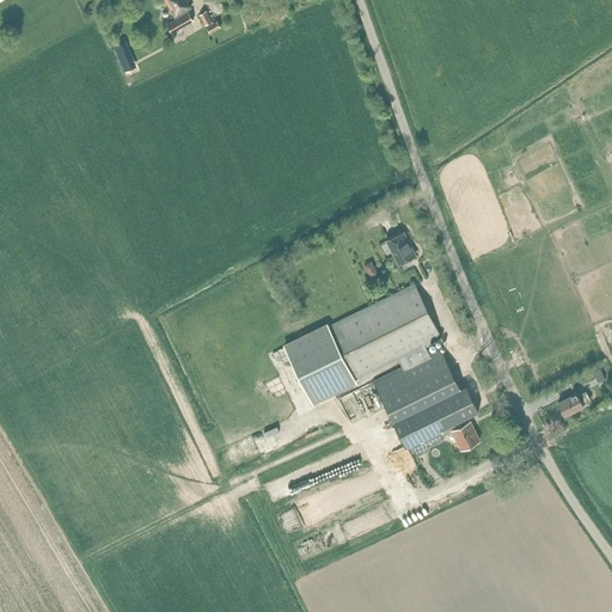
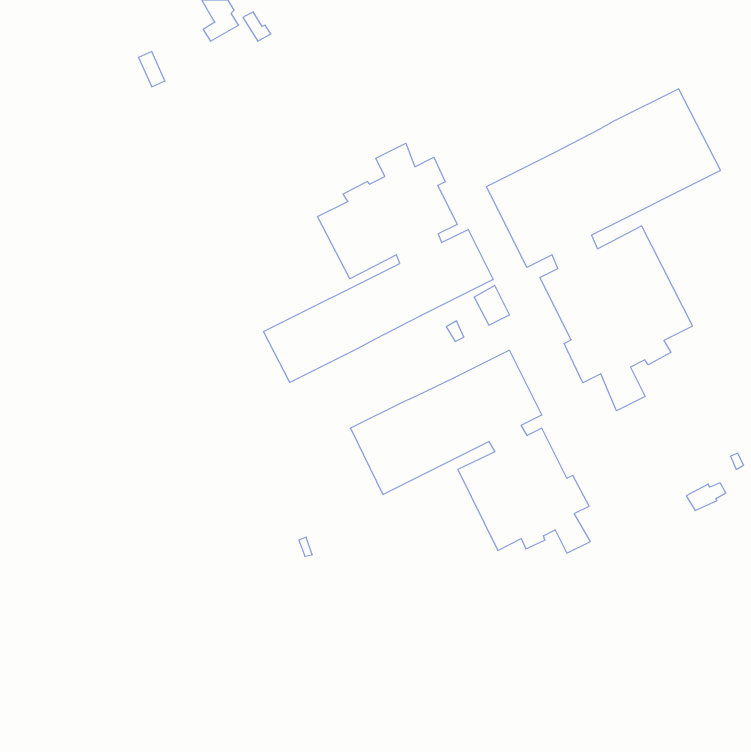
building: none -> [486,89,720,411]
building: none -> [263,143,493,382]

